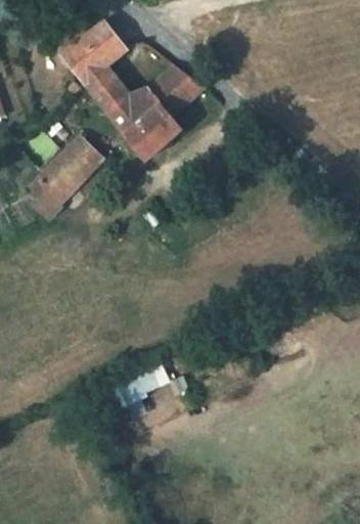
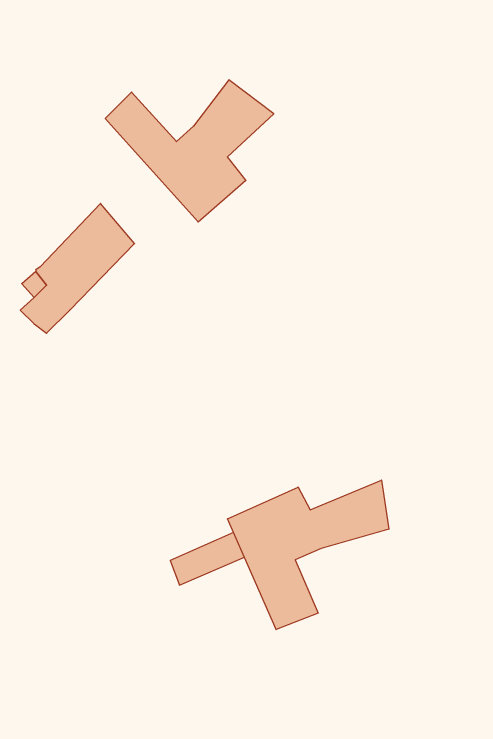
building: [56,17,124,85] -> none
building: none -> [228,480,389,630]

